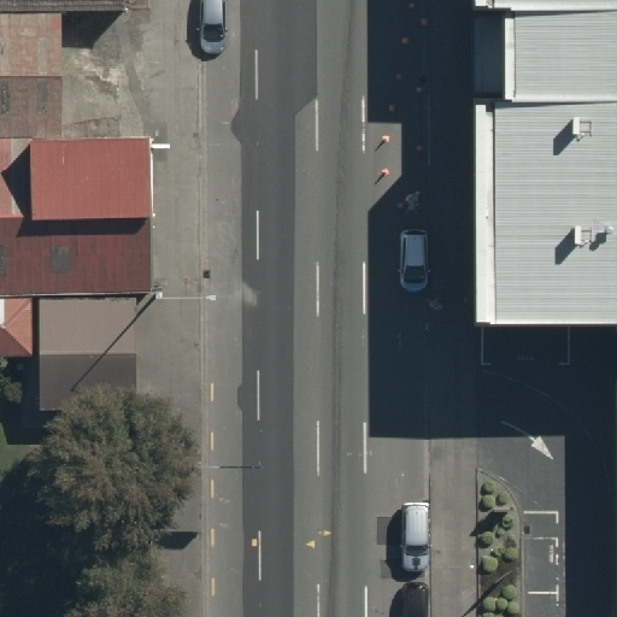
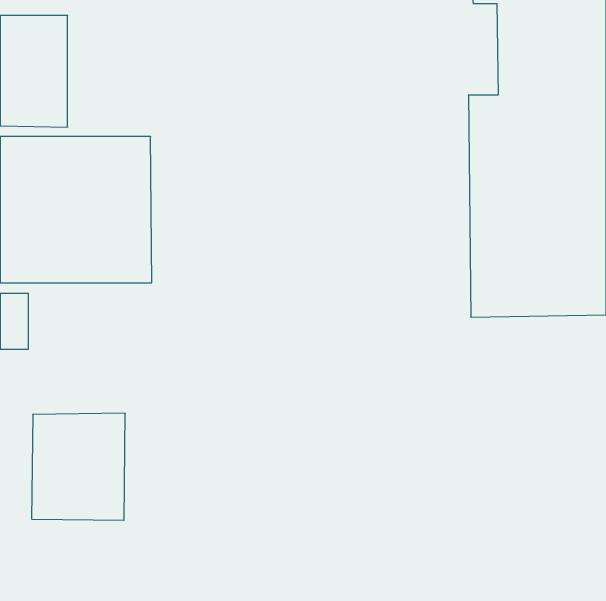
building: [41,299,136,407] -> [32,413,125,520]

